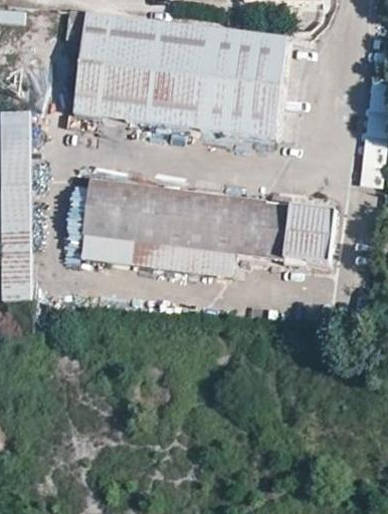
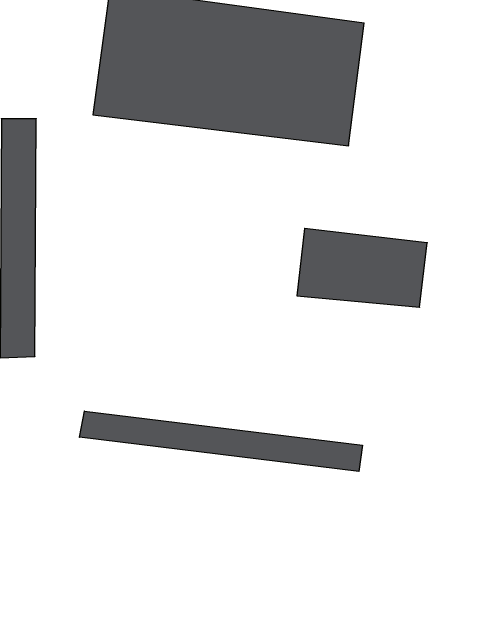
building: [80,180,238,272] -> none
building: none -> [79,411,362,471]

